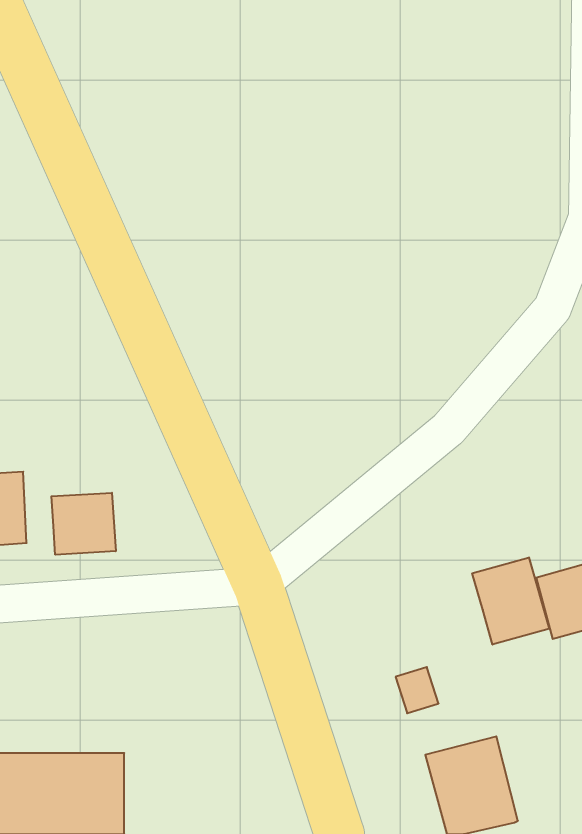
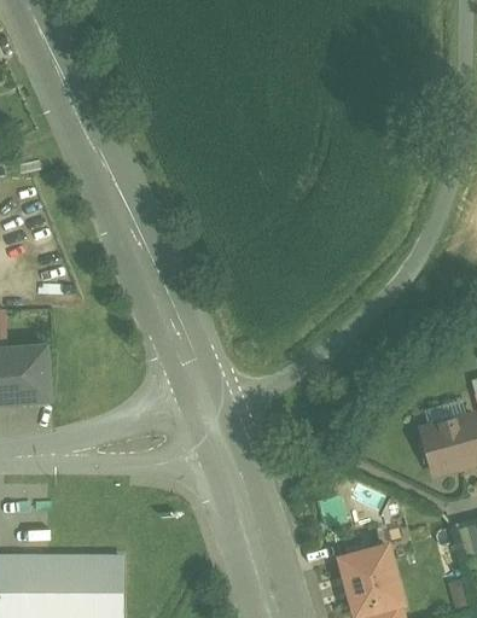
building: [51,493,116,555] -> none
building: [472,557,549,645] -> none

